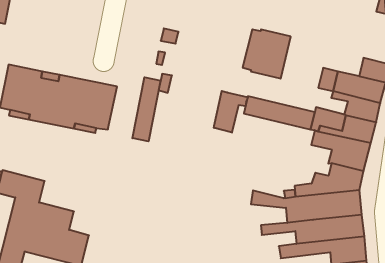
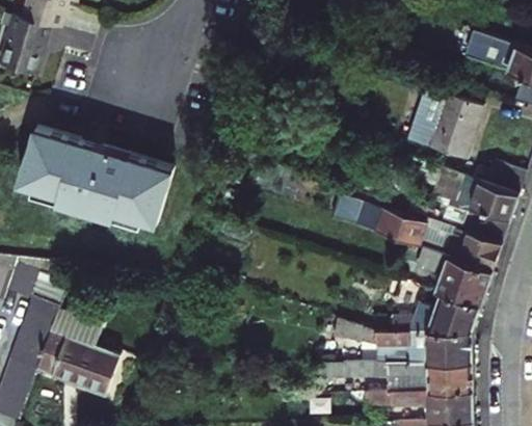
building: [243,29,291,79] -> [414,92,479,159]
building: [132,77,161,141] -> none
building: [214,91,248,133] -> none

